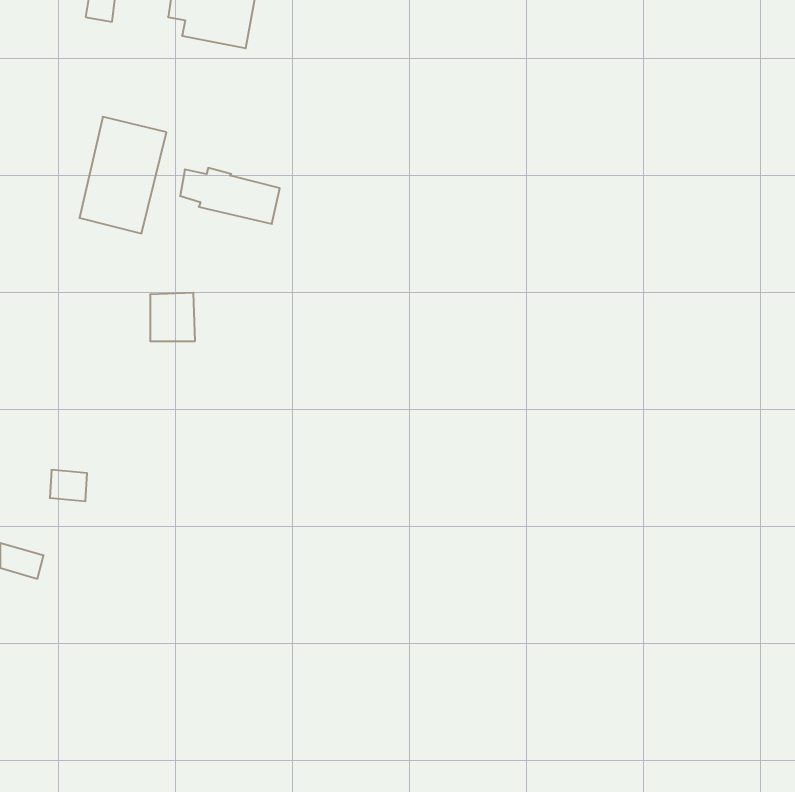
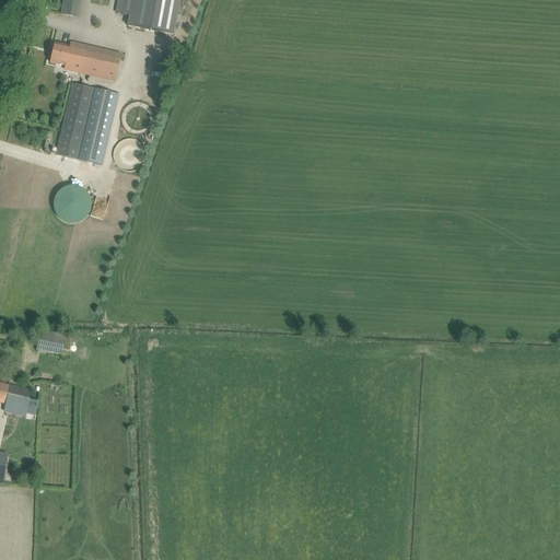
building: [180,168,280,224] -> [50,40,120,80]
building: [150,293,195,341] -> [54,186,85,220]

